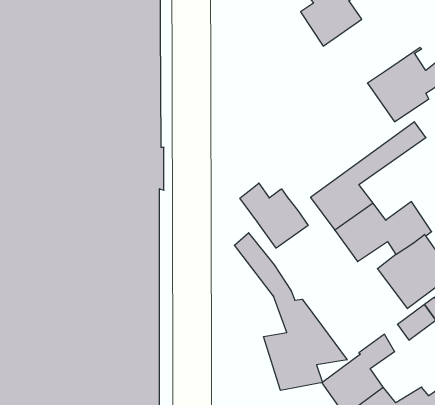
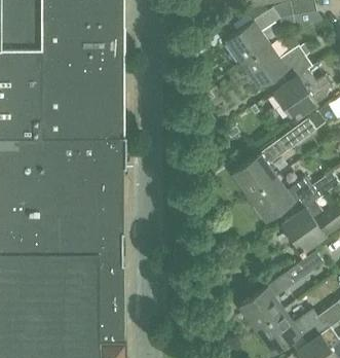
building: none -> [241,46,311,90]
building: [240,183,308,248] -> none
building: [234,233,347,390] -> none

